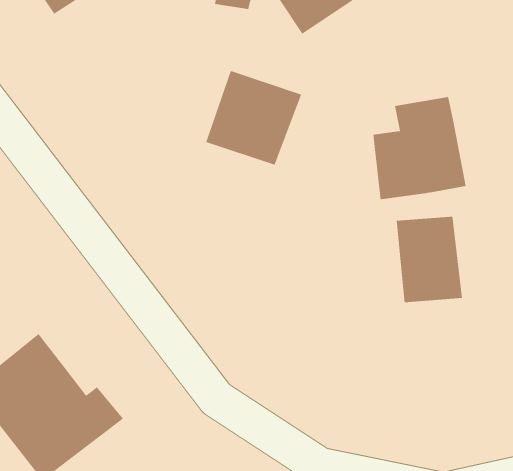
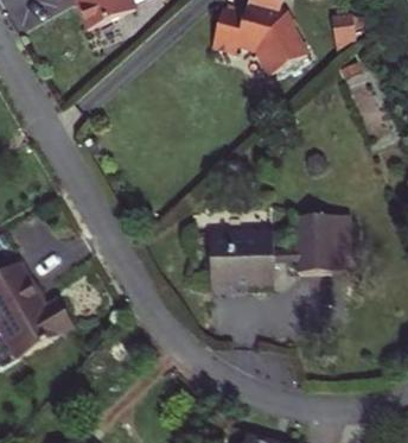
building: [206,70,302,165] -> none
building: [373,97,467,200] -> [219,226,281,291]

